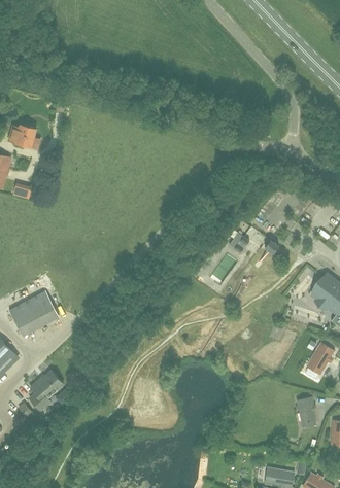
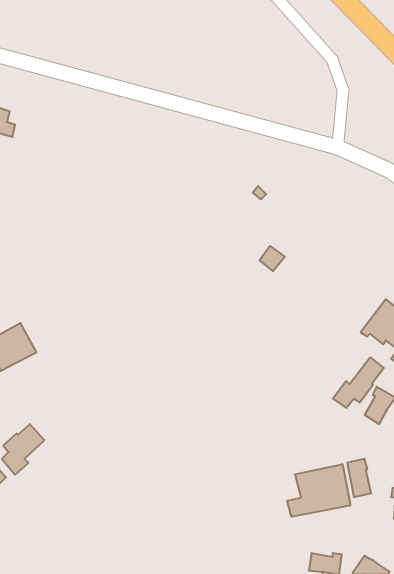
building: none -> [333,357,384,408]
building: none -> [287,464,350,517]

